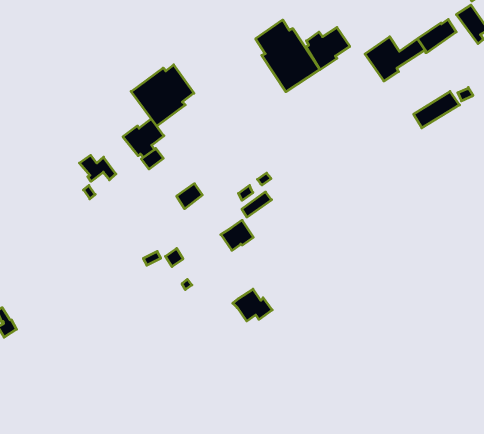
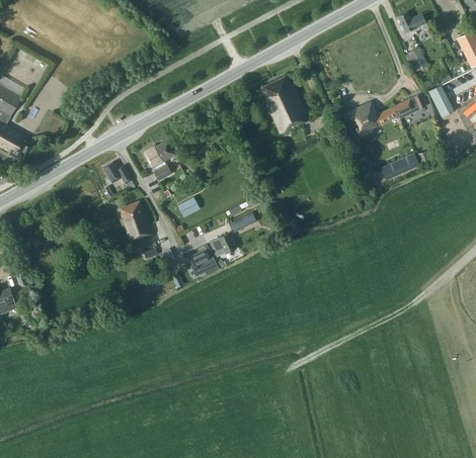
building: [306,27,350,70] -> none
building: [131,65,194,126] -> none
building: none -> [120,200,153,242]
building: [233,289,272,321] -> [187,249,219,274]

